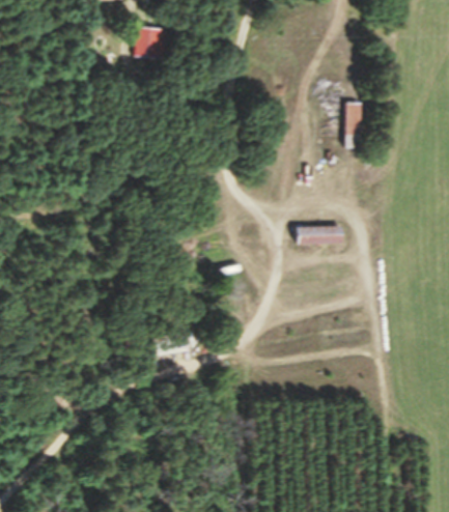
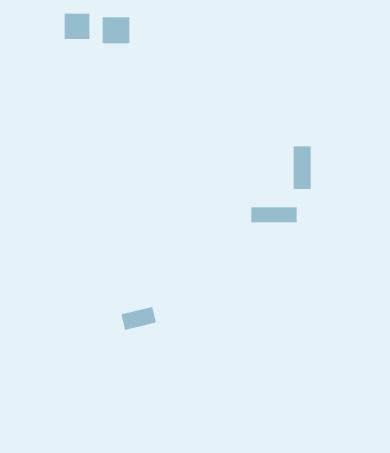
building: none -> [64,13,90,40]
building: [343,99,363,146] -> [293,145,312,190]

